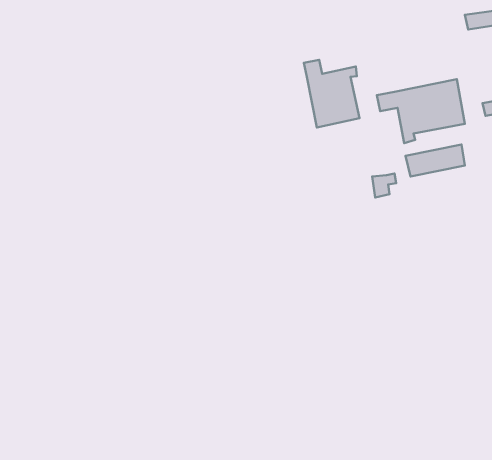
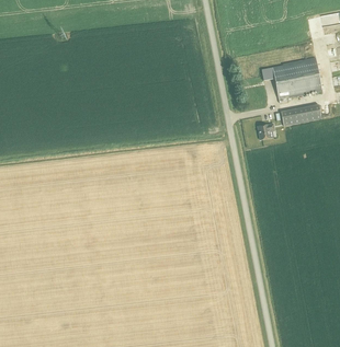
building: [304,60,359,128] -> none

